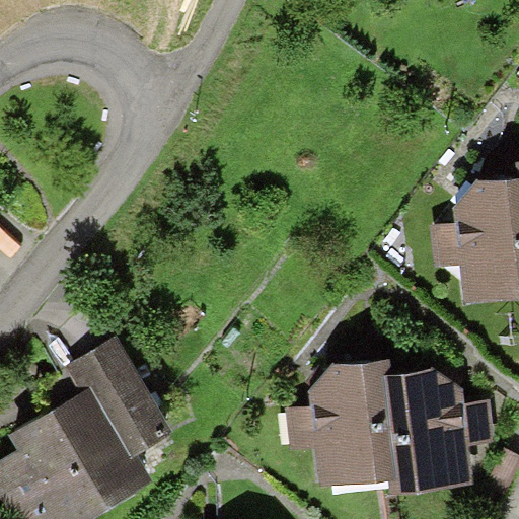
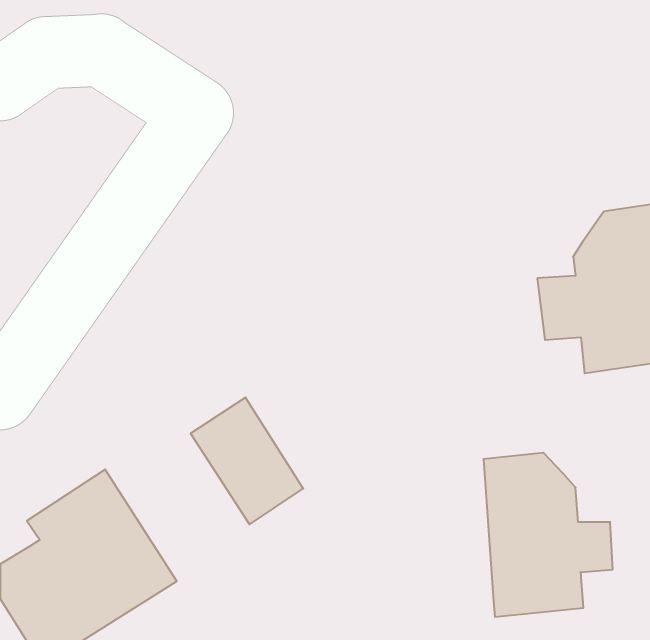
building: [70,328,159,429] -> [191,397,303,524]
building: [288,358,394,495] -> none

